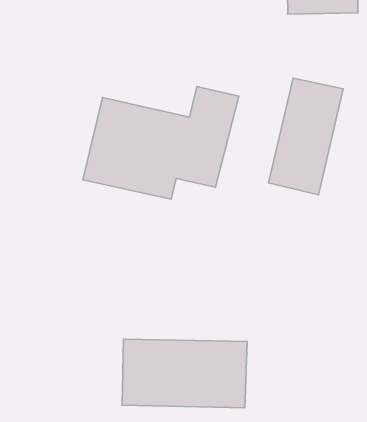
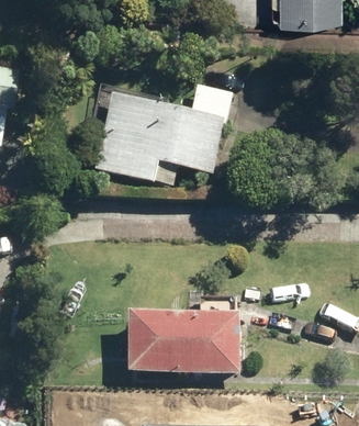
building: [268,78,343,195] -> none

